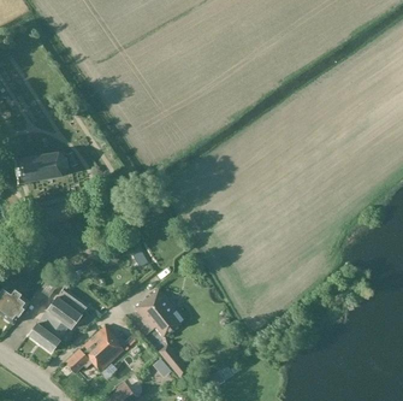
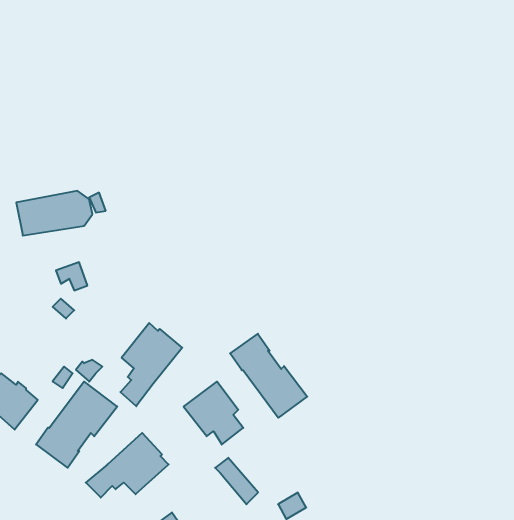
building: none -> [120,323,182,406]
building: none -> [230,334,307,418]

